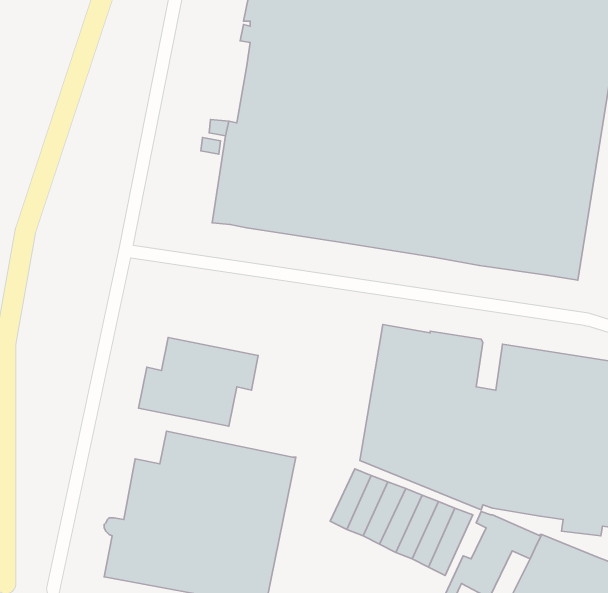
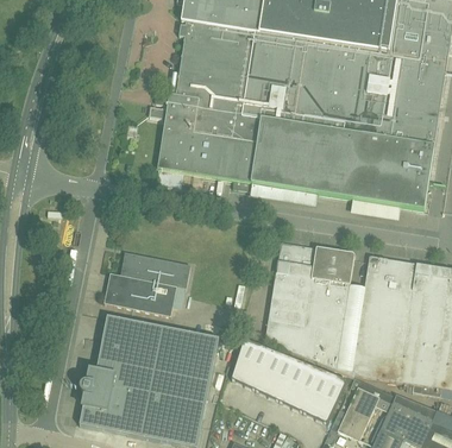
building: none -> [231,337,260,383]

